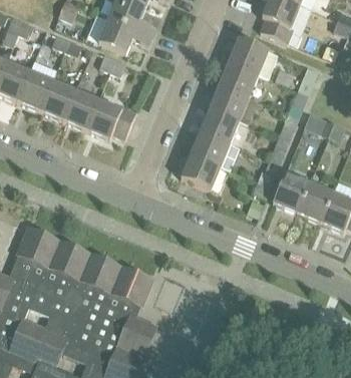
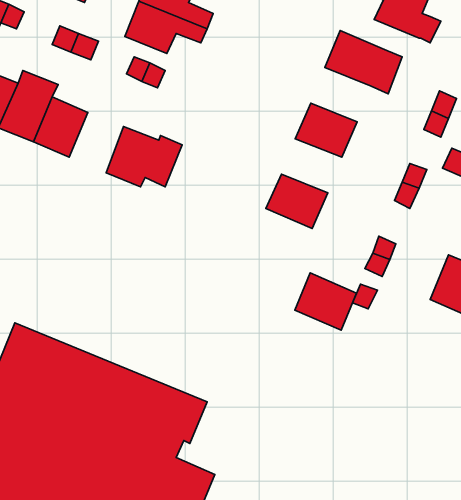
building: [219,61,258,96] -> none
building: [62,90,97,129] -> none
building: [200,107,239,142] -> none
building: [180,152,220,190] -> [295,273,357,330]
building: [273,172,308,212] -> none

